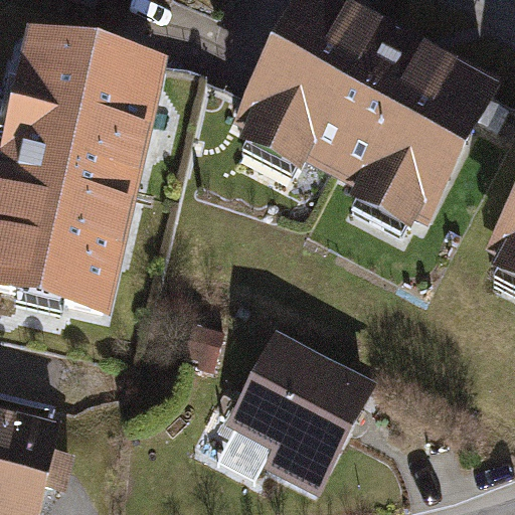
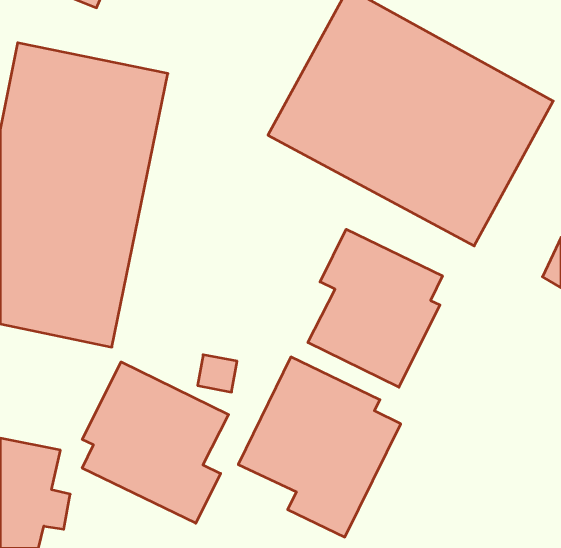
building: none -> [308,229,442,387]
building: none -> [82,362,229,523]

